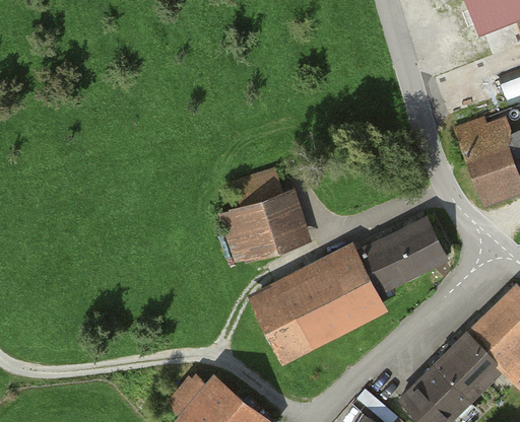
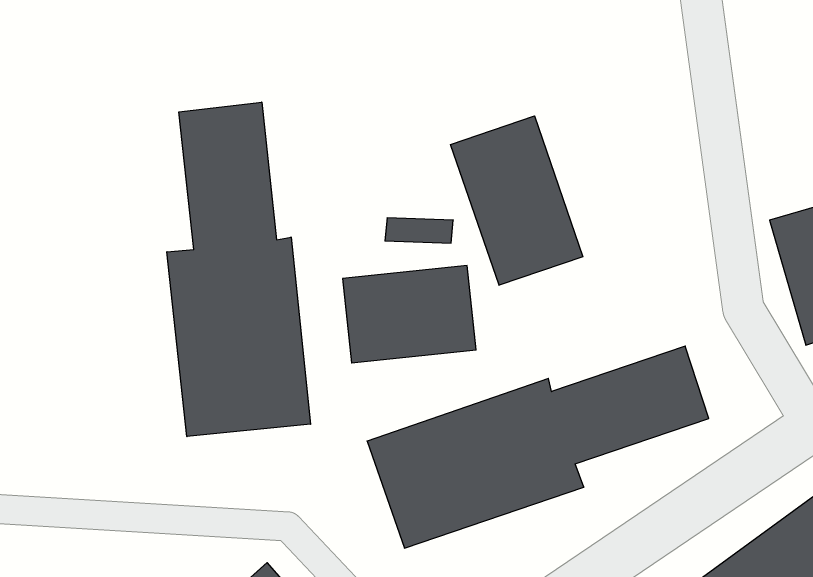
building: none -> [451,116,583,285]
building: none -> [167,102,311,437]

